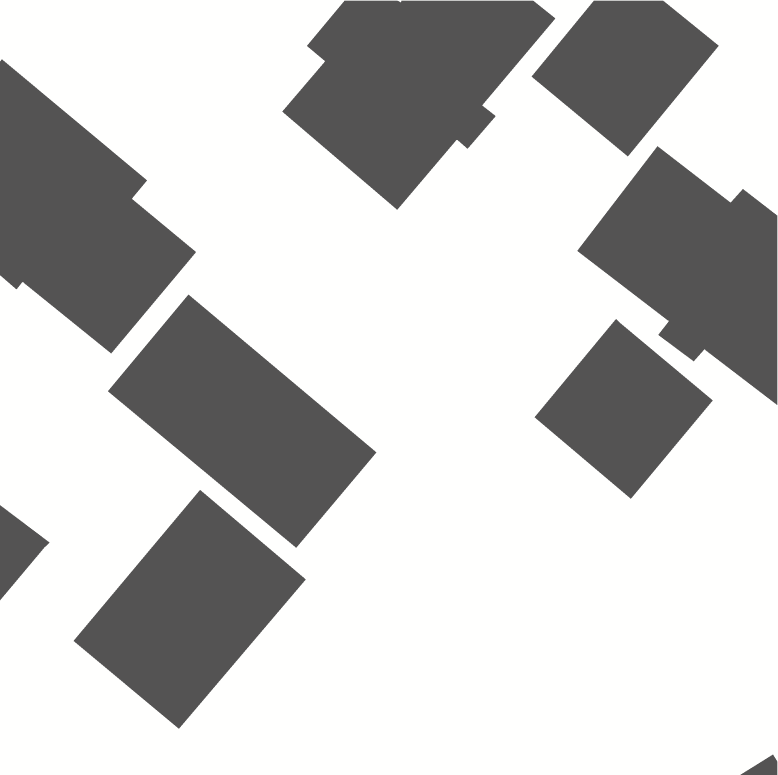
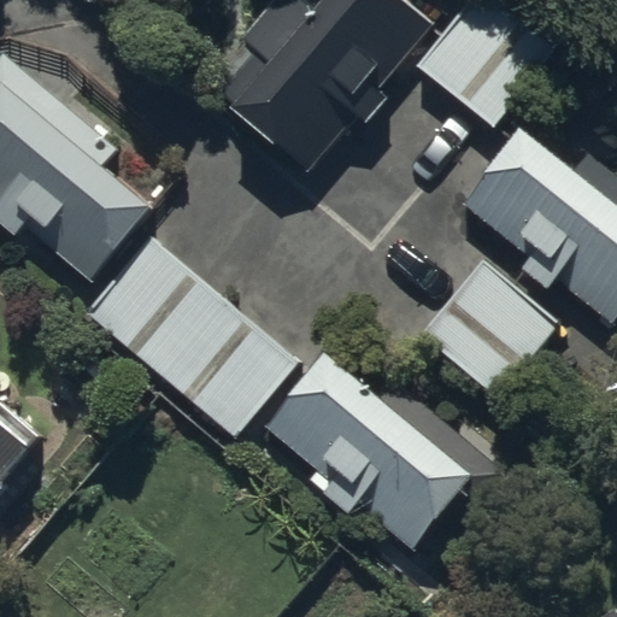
building: none -> [254,346,509,551]
building: [73,489,307,730] -> none

